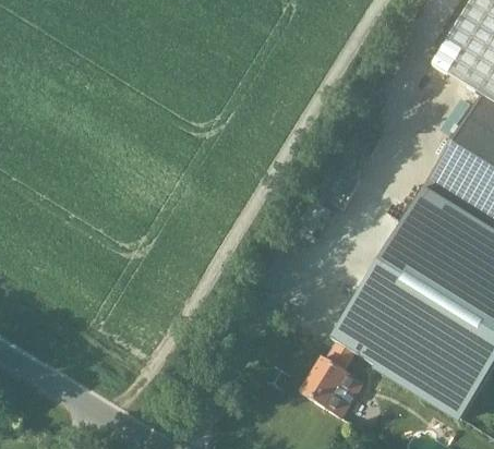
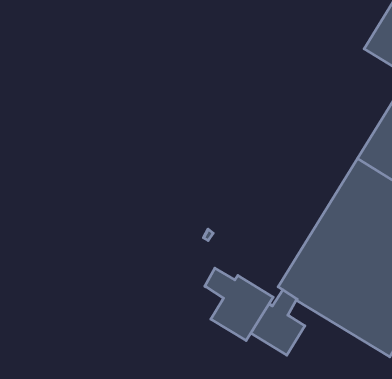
building: none -> [205,268,273,341]

